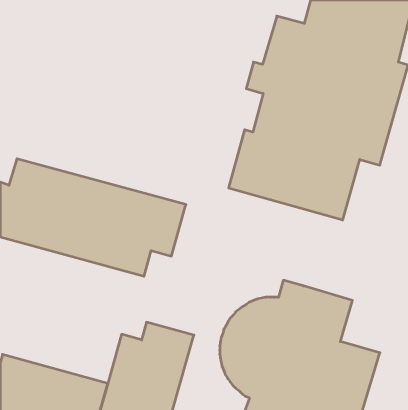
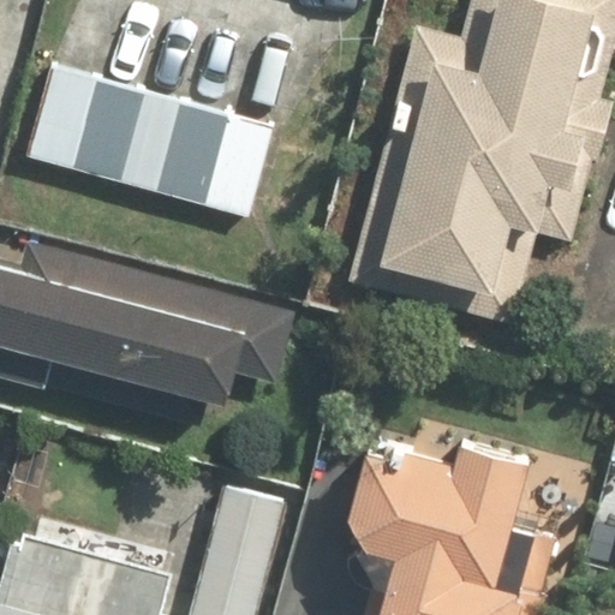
building: none -> [25,62,275,219]

